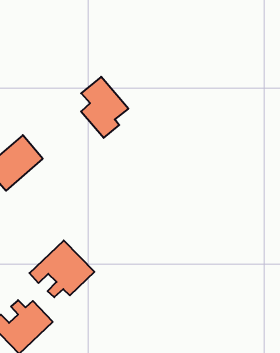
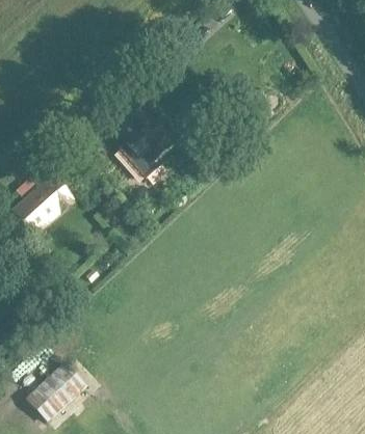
building: [29,240,94,297] -> none

